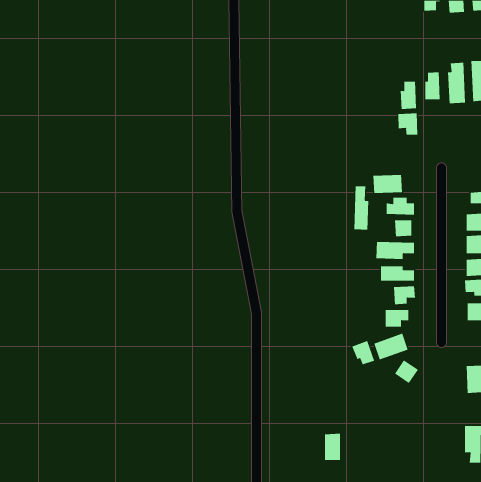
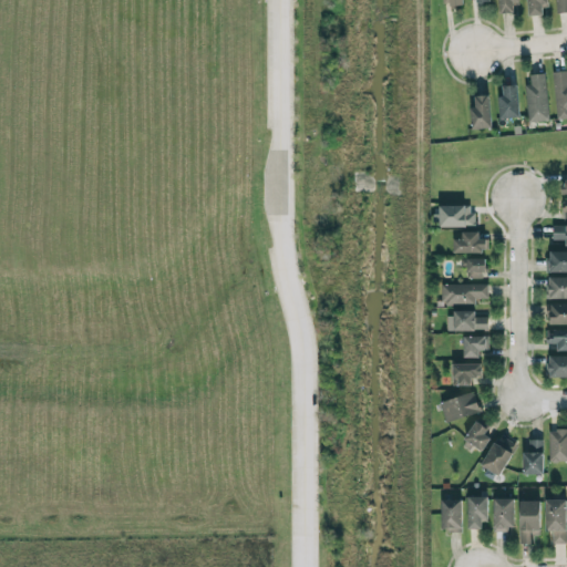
building: [398,113,418,136] -> none
building: [354,185,369,230] -> none
building: [352,340,375,365] -> none
building: none -> [482,433,516,475]
building: none -> [524,440,544,474]
building: none -> [467,496,487,528]
building: none -> [493,498,515,530]
building: none -> [519,501,540,544]
building: [324,433,341,460] -> [442,498,462,530]

